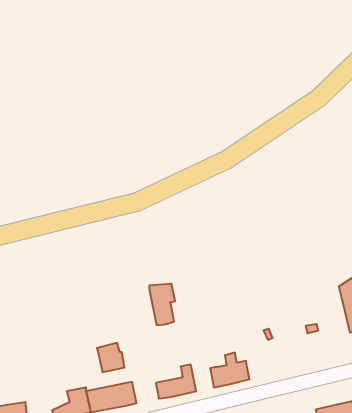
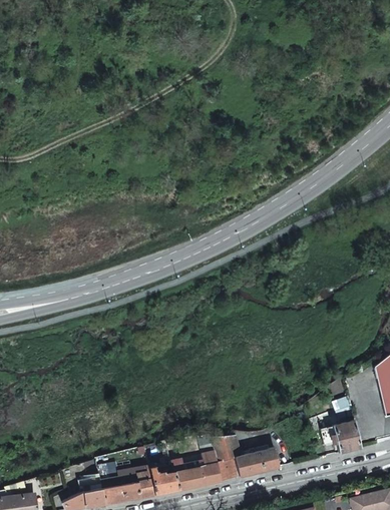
building: [149,284,175,325] -> [212,436,240,481]
building: none -> [332,422,361,454]
building: [97,343,124,372] -> [148,462,178,494]

